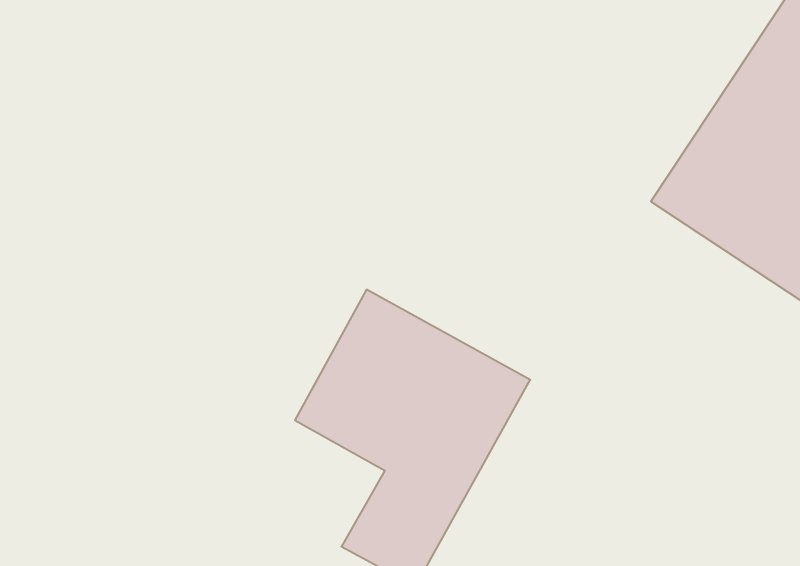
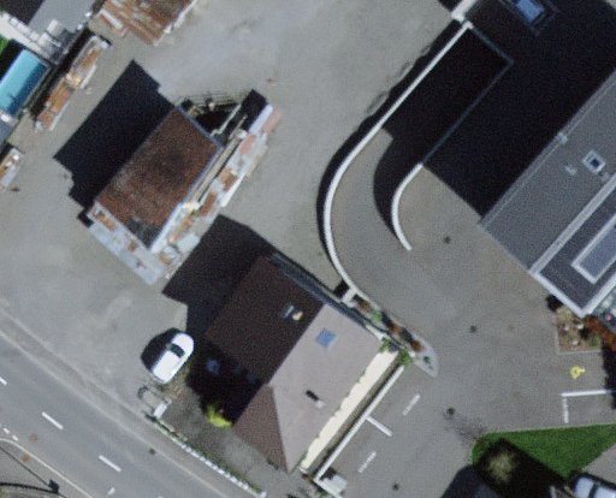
building: none -> [102,115,213,247]

